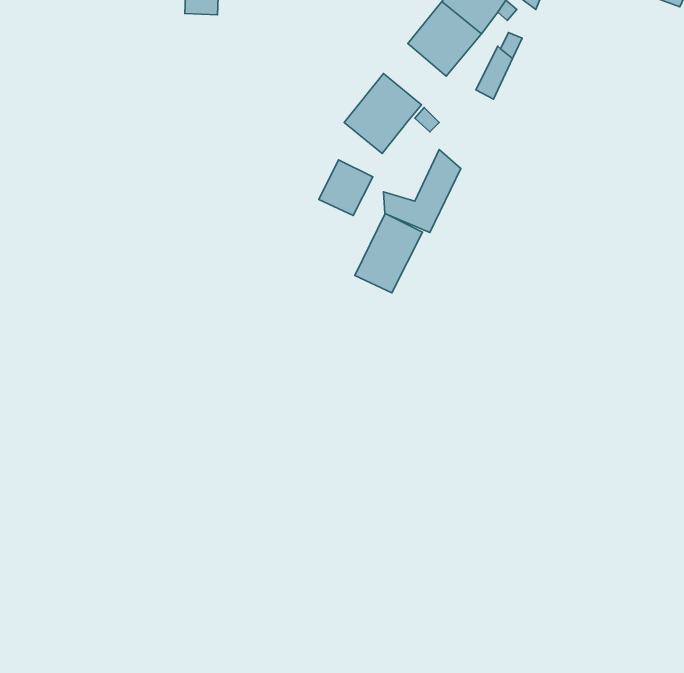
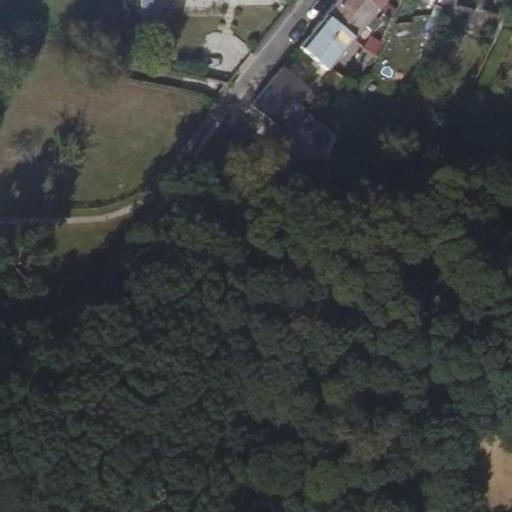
building: [319,160,373,216] -> none
building: [355,214,422,293] -> none

